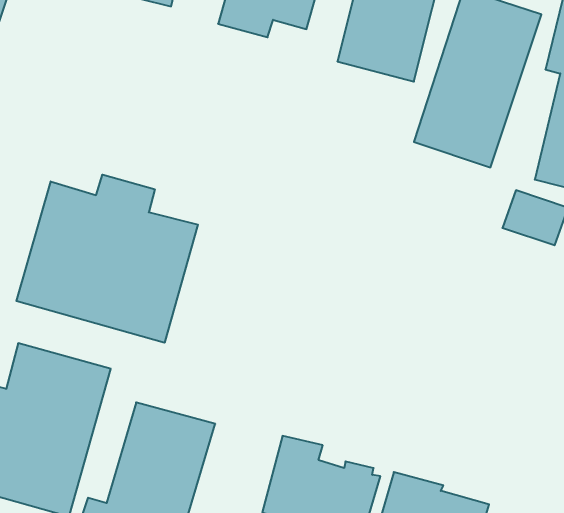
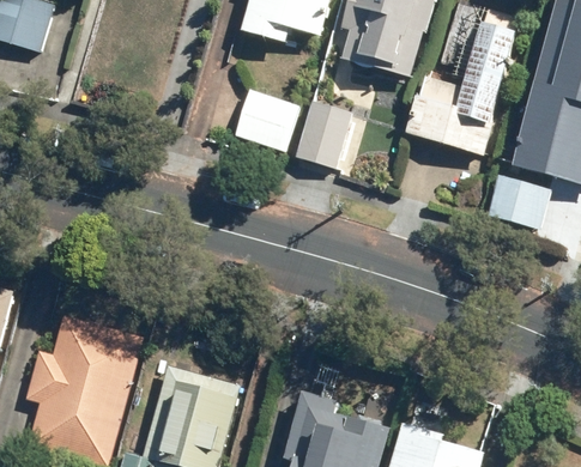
building: none -> [236,90,301,153]
building: none -> [298,101,356,171]
building: [16,175,198,343] -> none

